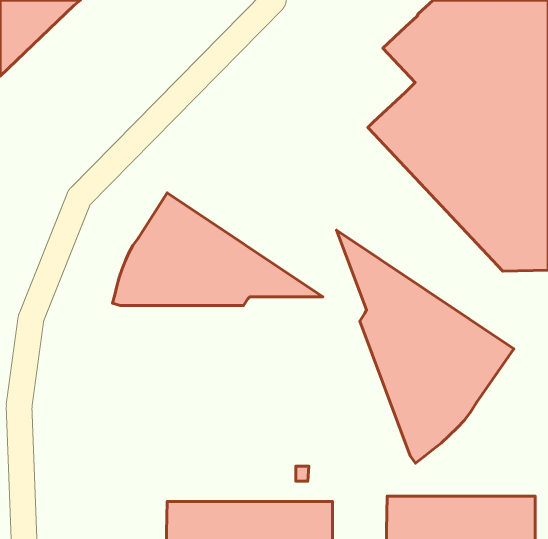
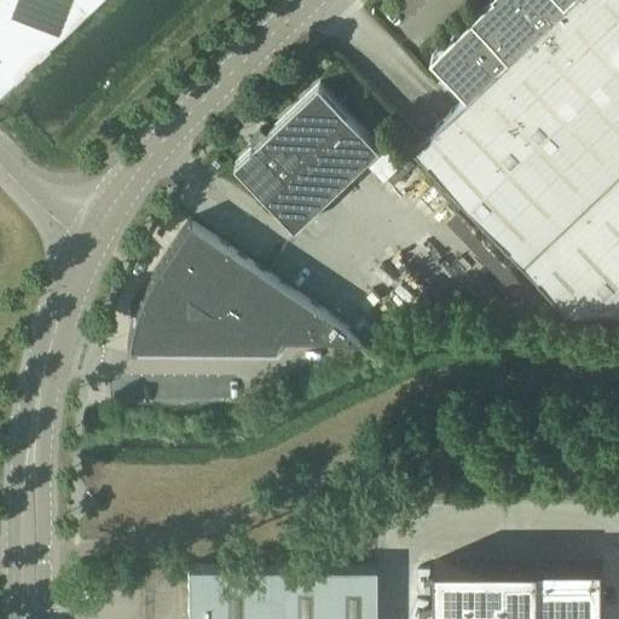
building: none -> [236,91,381,236]
building: [337,230,514,463] -> none

